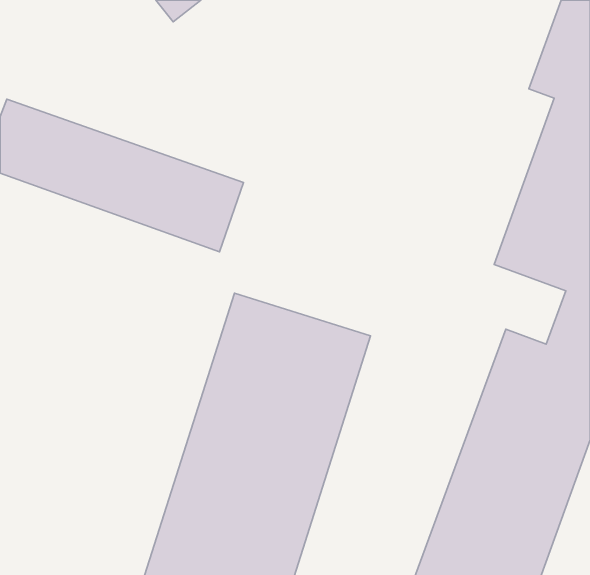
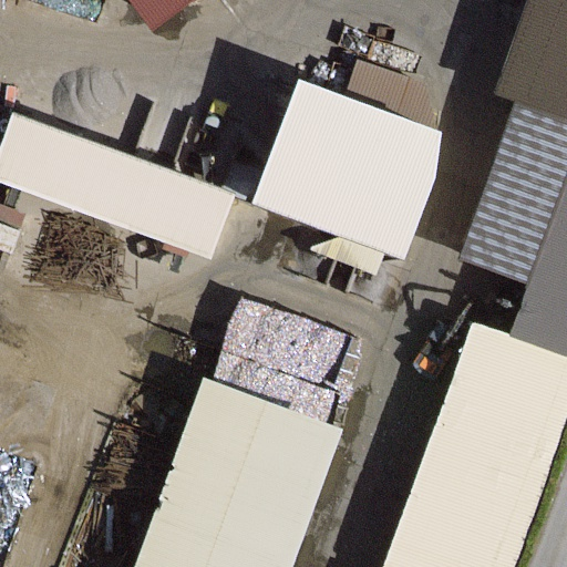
building: none -> [249,76,446,252]

